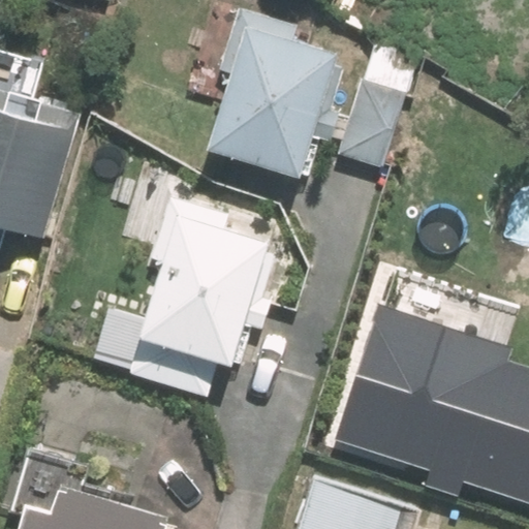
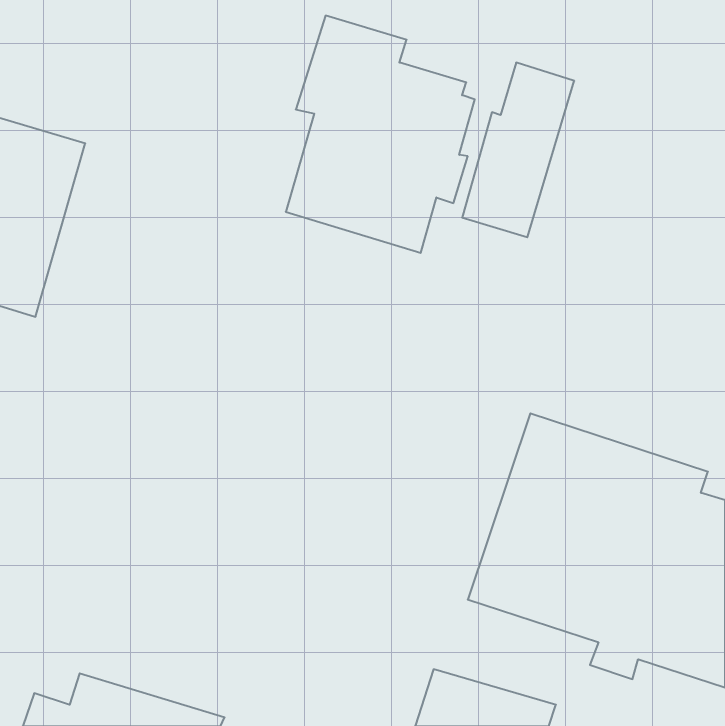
building: [136,203,271,372] -> none

